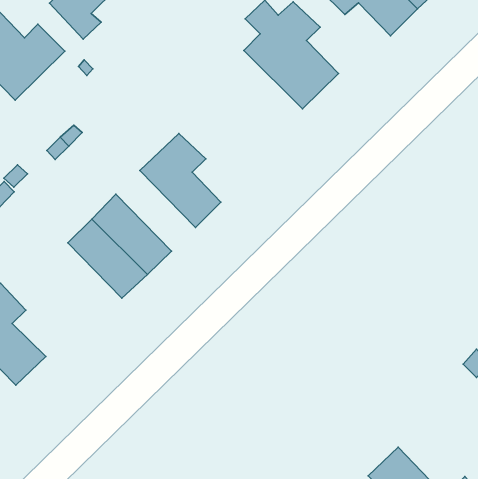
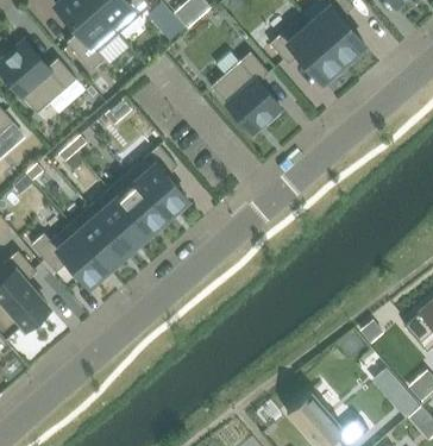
building: none -> [108,174,167,235]
building: none -> [31,225,108,287]

